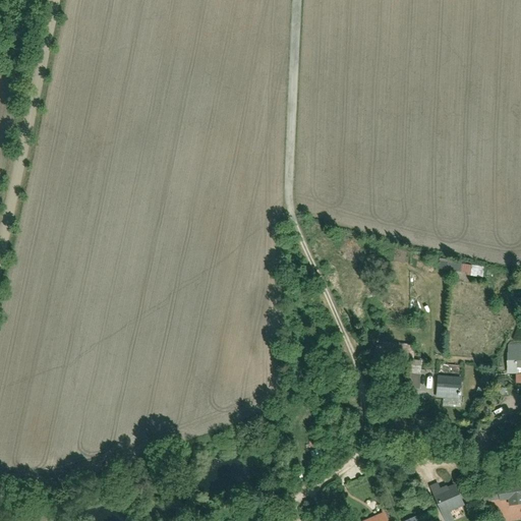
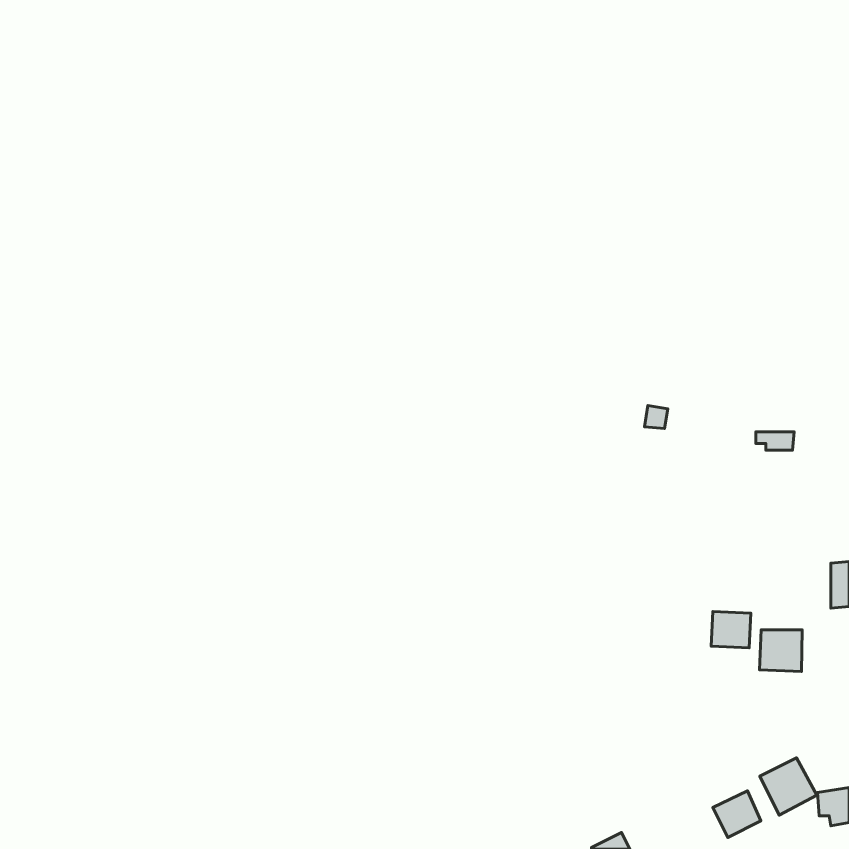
building: none -> [759,630,802,672]
building: none -> [760,758,817,815]

